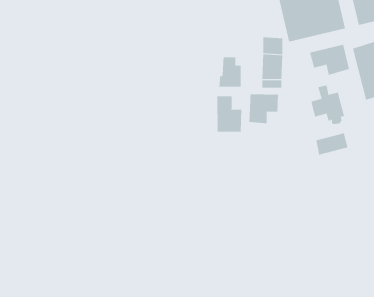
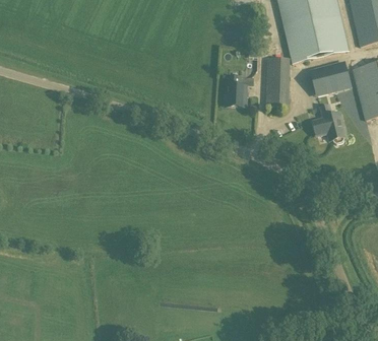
building: [249,93,279,124] -> none
building: [217,96,242,132] -> none
building: [316,133,348,155] -> none

